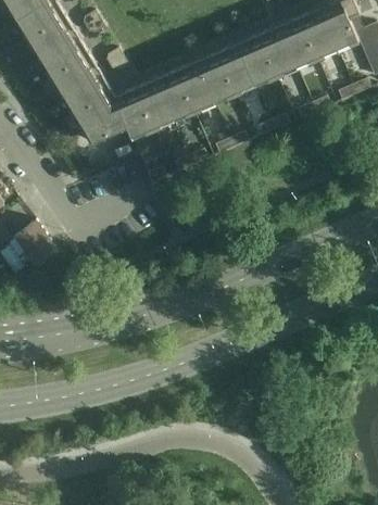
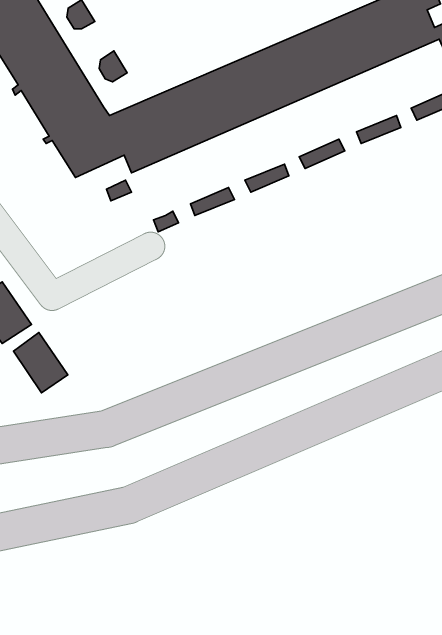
building: none -> [14,333,68,393]

